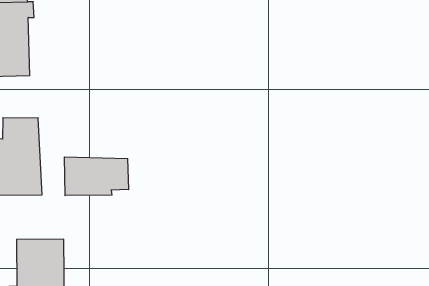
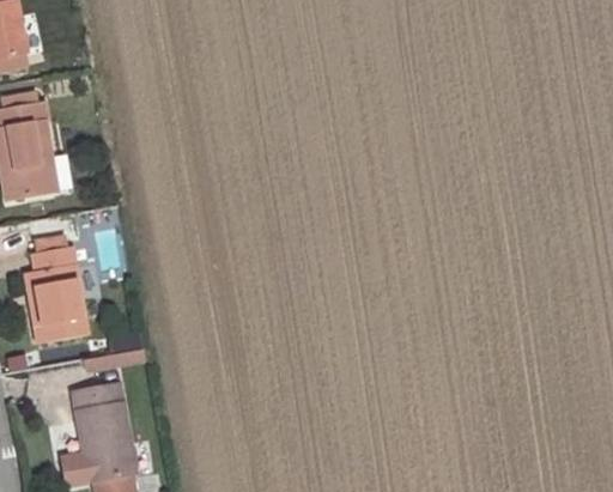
building: [65,157,129,196] -> none

